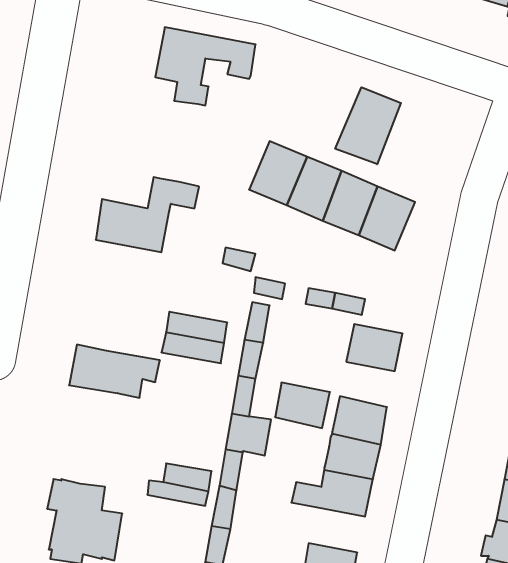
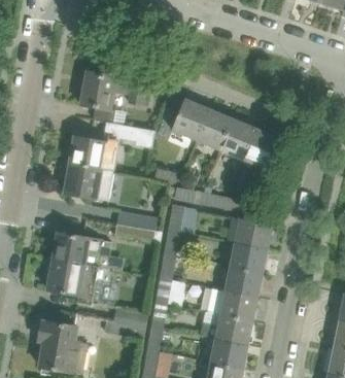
building: [155,27,256,105] -> [80,71,146,123]
building: [335,87,401,164] -> none
building: none -> [65,163,113,201]
building: [275,383,330,428] -> [231,243,267,273]
building: none -> [47,259,110,305]
building: none -> [210,339,247,369]

